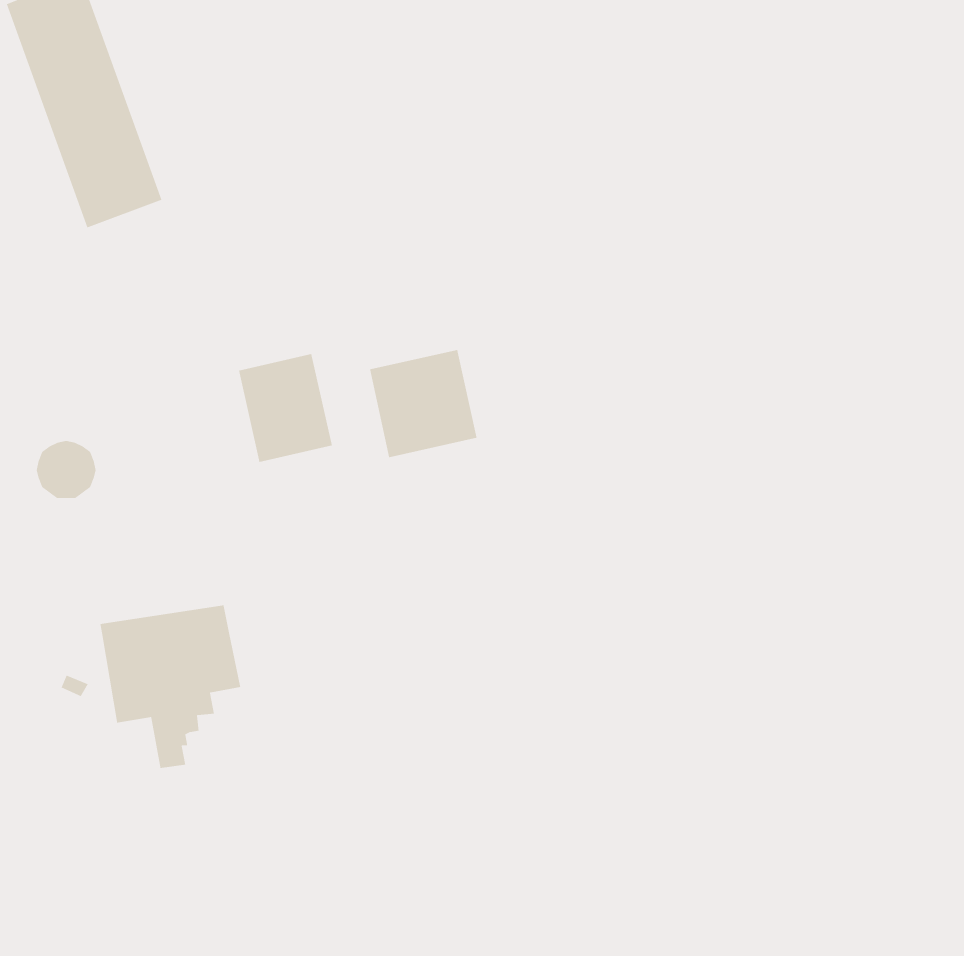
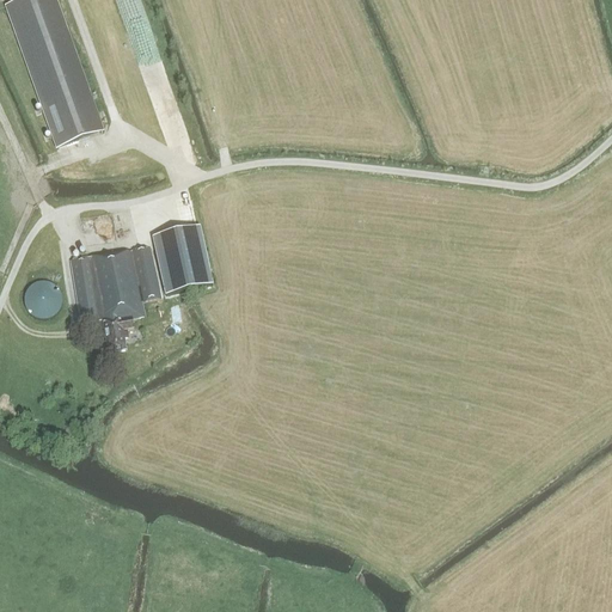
building: [369,349,477,458] -> none
building: [99,605,241,769] -> [69,244,159,348]

